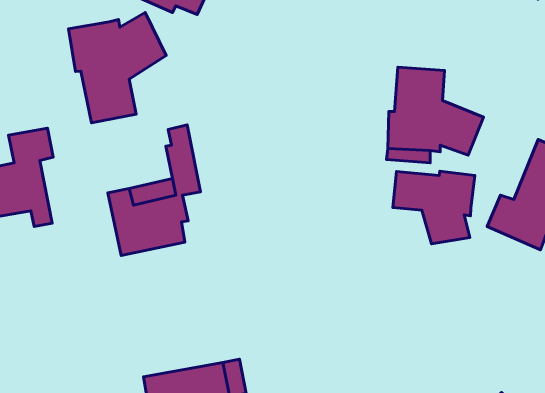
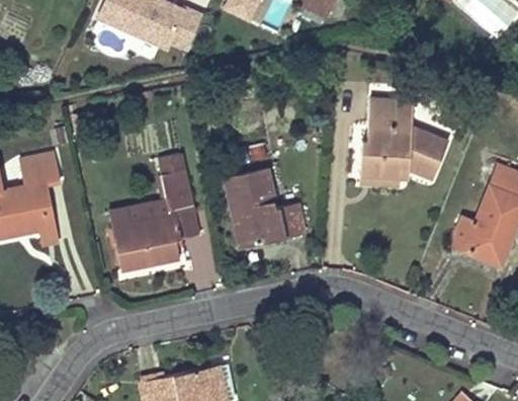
building: [68,13,166,123] -> none
building: none -> [225,167,305,247]
building: [393,171,475,244] -> none

